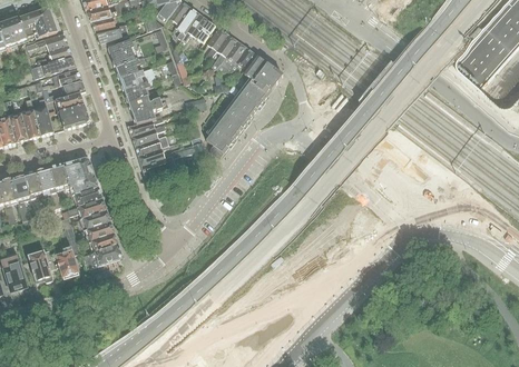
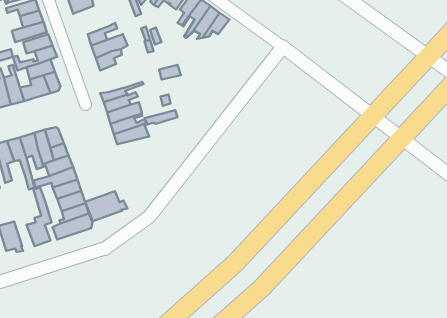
building: [108,38,136,66] -> none
building: [206,54,283,156] -> none
building: [128,93,164,122] -> none
building: none -> [85,191,128,221]

